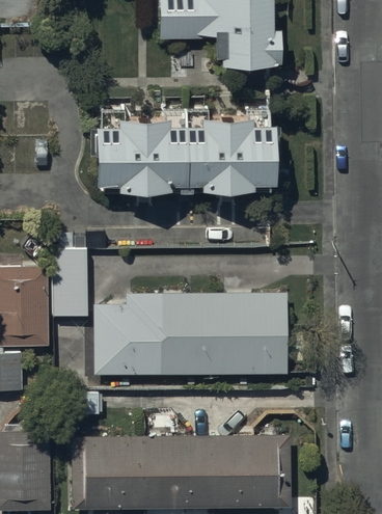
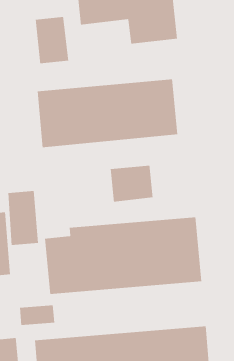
building: none -> [35,16,69,64]
building: none -> [110,165,153,203]

